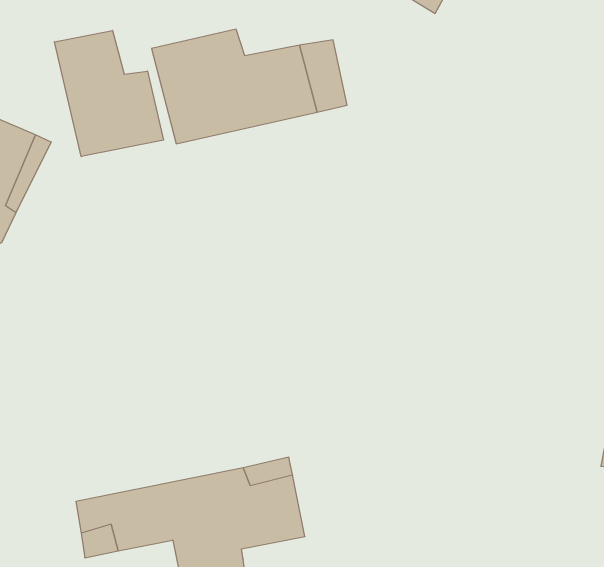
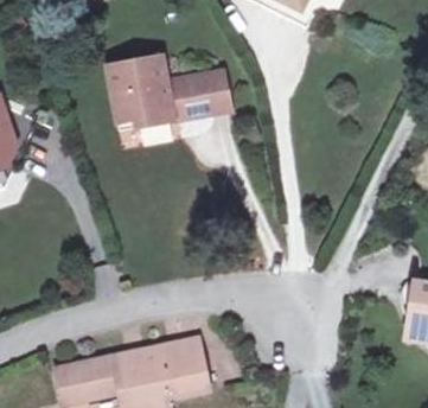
building: [54,30,163,157] -> none

